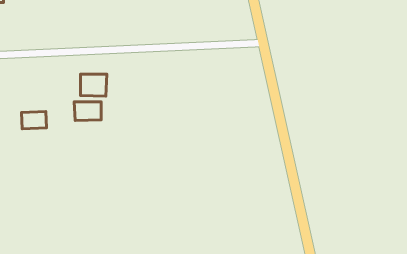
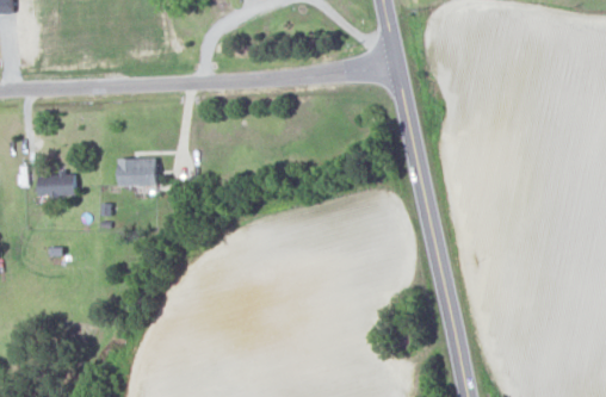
building: [81,74,107,96] -> none

